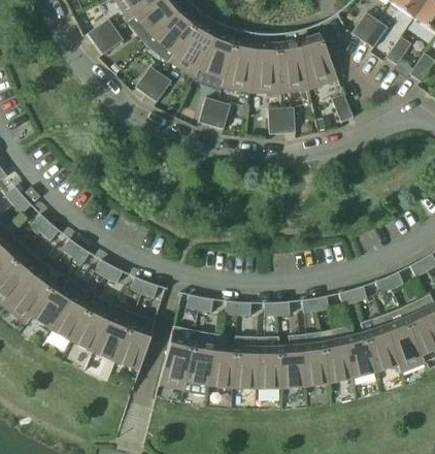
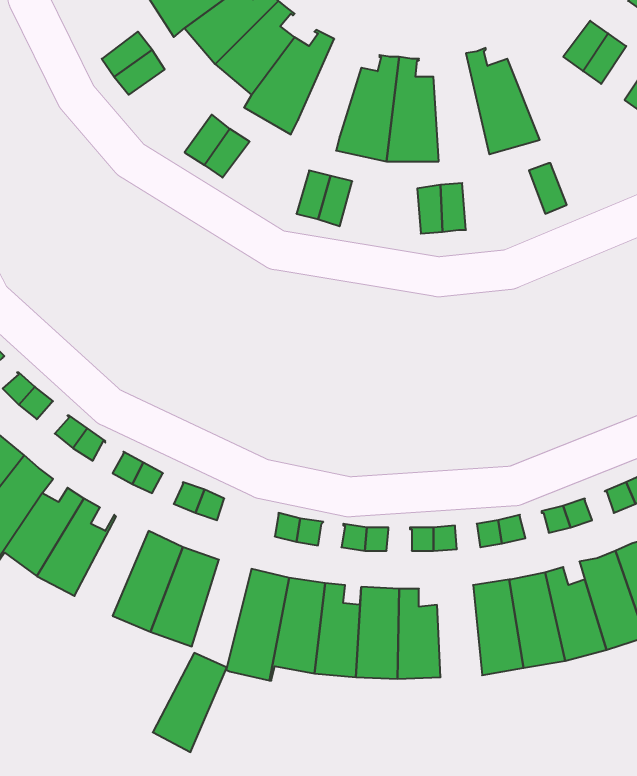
building: [199,23,235,78] -> none
building: [276,31,308,93] -> none
building: [71,296,113,353] -> [153,653,227,752]
building: [278,335,304,388] -> none

